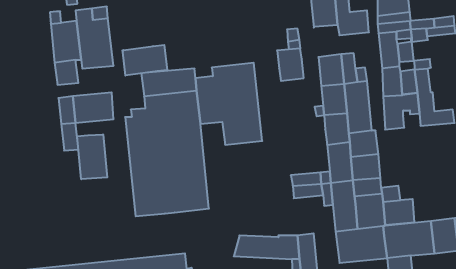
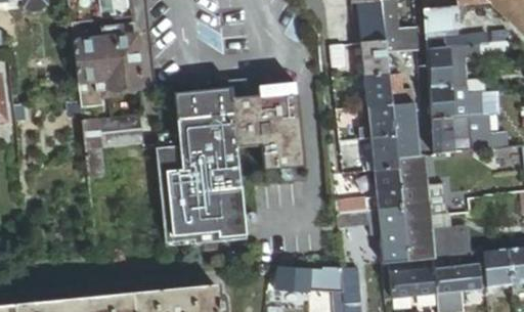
building: [122,45,167,76] -> none
building: [277,49,304,81] -> [359,41,388,76]
building: [77,134,107,179] -> none

